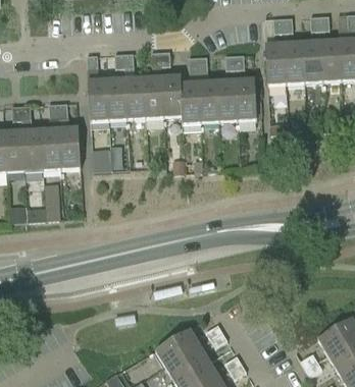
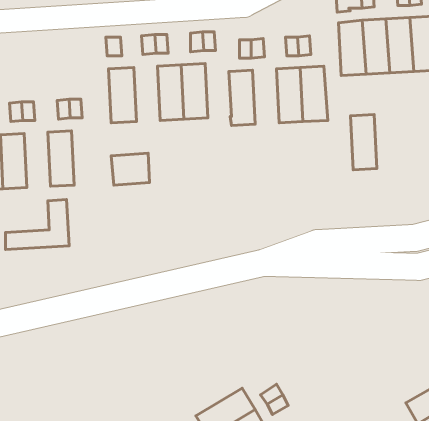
building: [162,74,183,117] -> none
building: [107,77,128,120] -> none
building: [199,79,219,122] -> [350,114,377,170]
building: [59,126,80,169] -> none
building: [22,128,43,171] -> none

